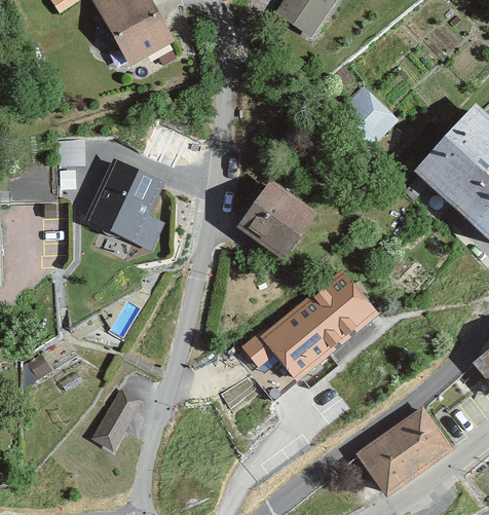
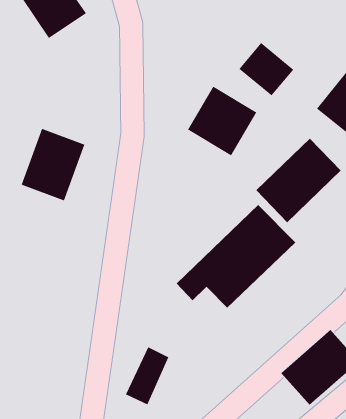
building: [236,184,314,262] -> [187,86,257,156]
building: none -> [255,138,342,223]
building: [87,385,139,449] -> [125,347,169,405]

